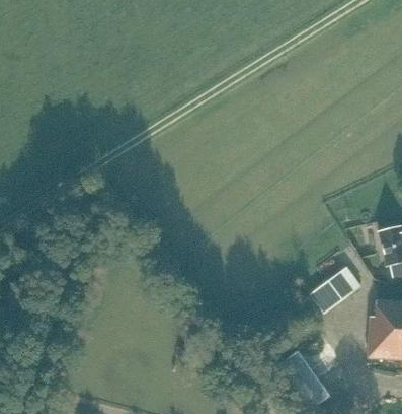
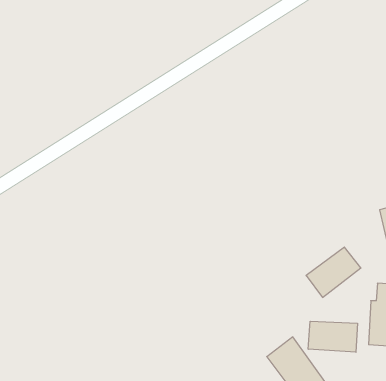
building: none -> [308,321,357,352]

